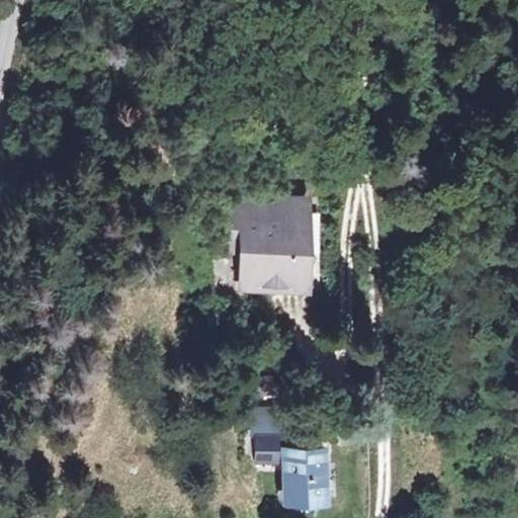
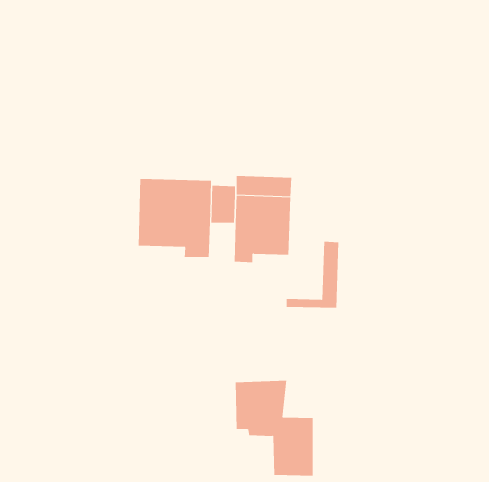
building: none -> [138,178,212,258]
building: [264,220,320,289] -> [286,241,339,308]

